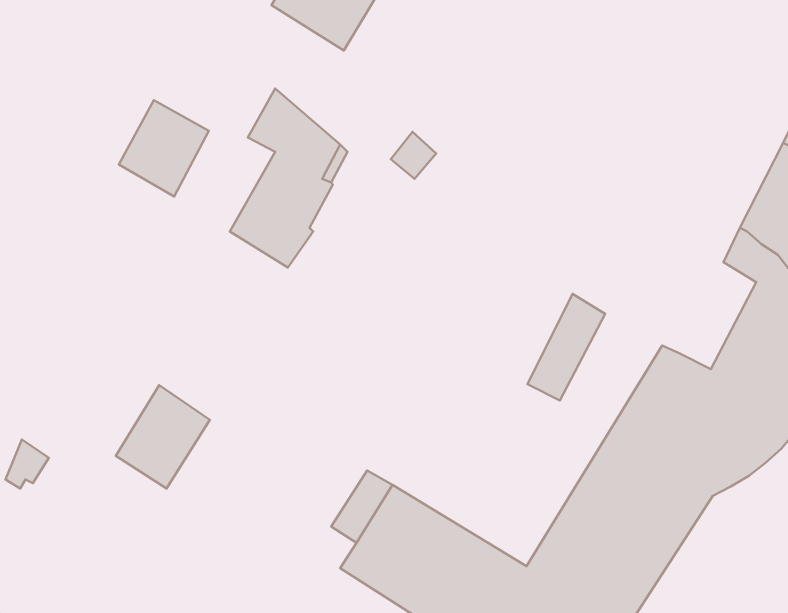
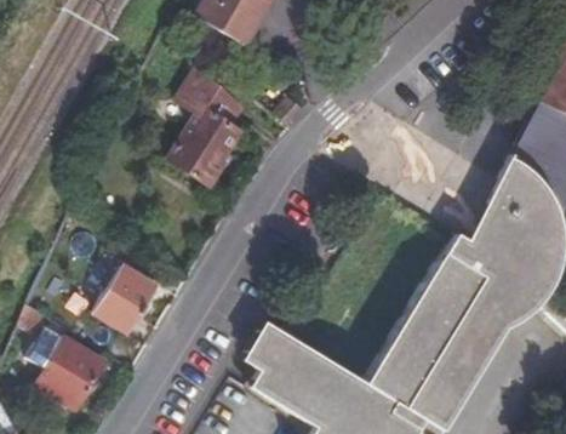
building: [119,100,209,197] -> none
building: [527,294,605,401] -> [470,182,522,253]
building: none -> [36,335,107,407]

